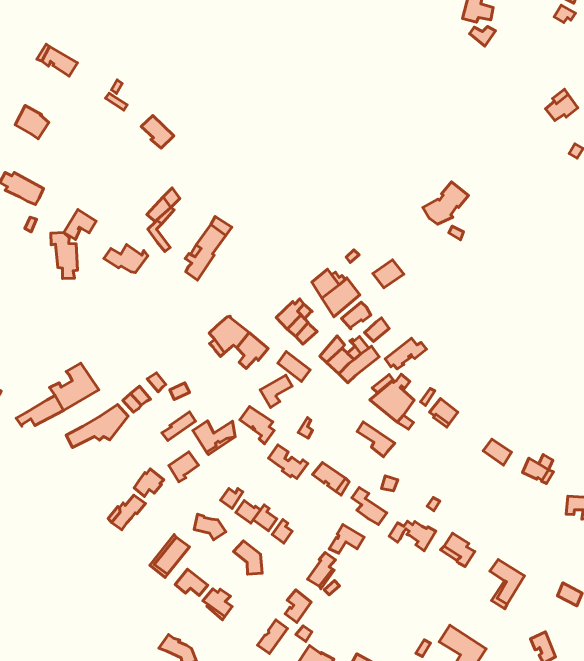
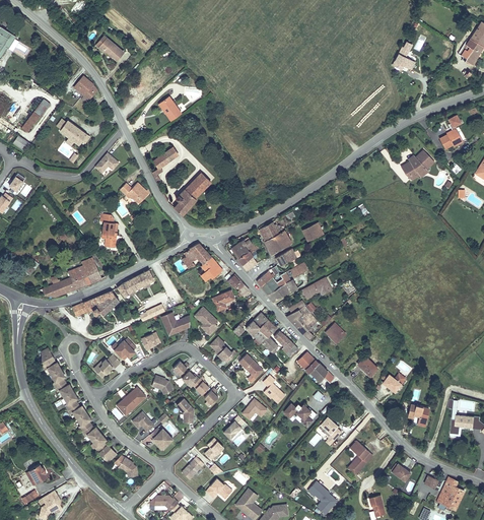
building: [423,182,468,224] -> [397,145,429,173]
building: [51,233,78,279] -> [100,213,118,247]
building: none -> [246,312,278,351]
building: none -> [297,351,334,383]
building: none -> [43,348,116,461]

